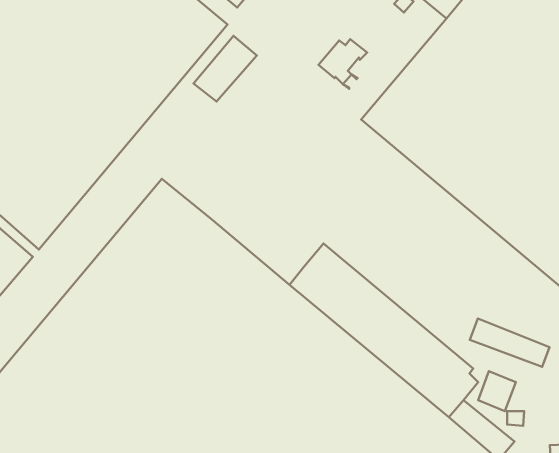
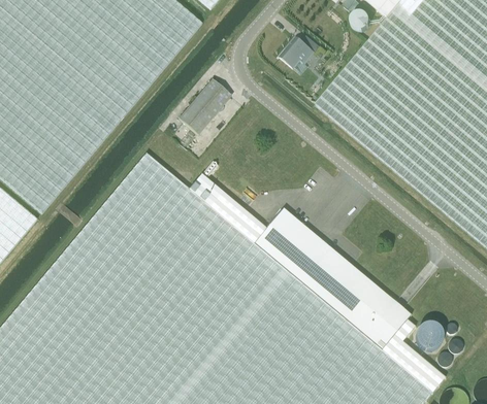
building: [194,36,257,102] -> [177,79,231,135]
building: none -> [188,174,266,244]
building: [470,319,550,367] -> none

